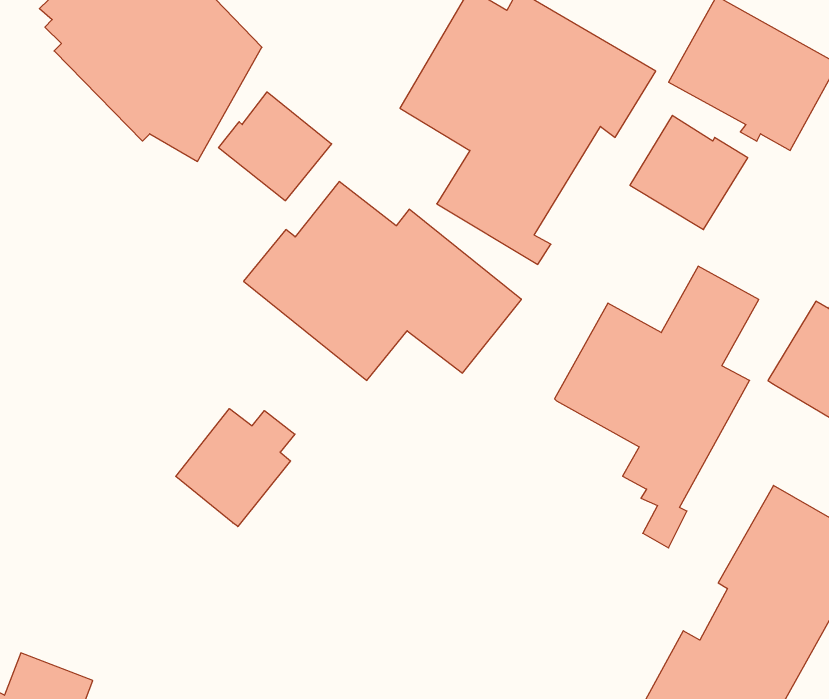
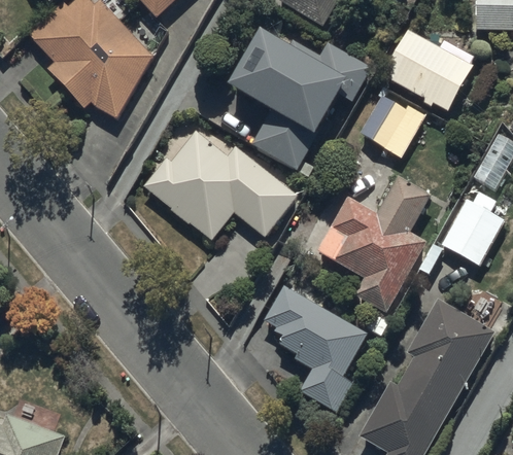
building: [219,92,332,201] -> none
building: [176,409,295,527] -> none
building: none -> [264,285,368,412]

